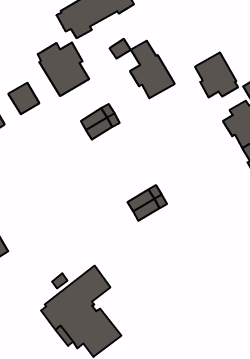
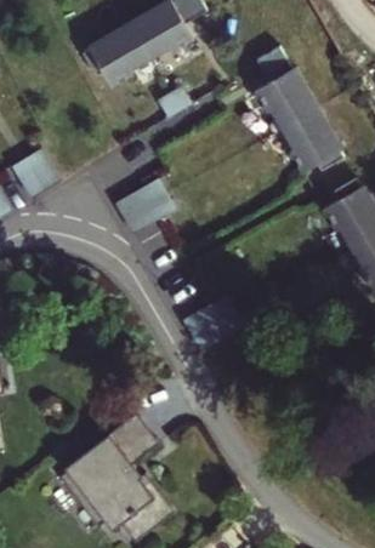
building: [130,41,175,98] -> [252,45,317,127]
building: [38,42,89,96] -> none

